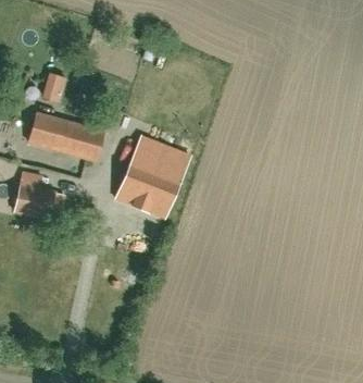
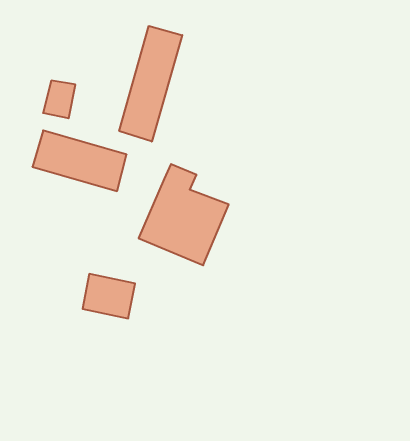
building: none -> [119,26,182,142]
building: [13,183,55,219] -> [83,274,135,318]

